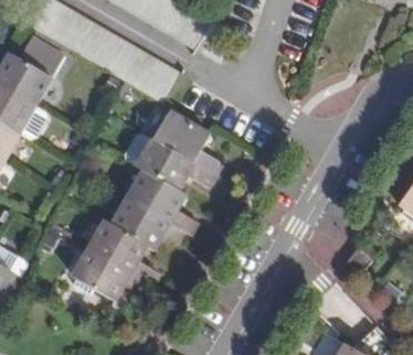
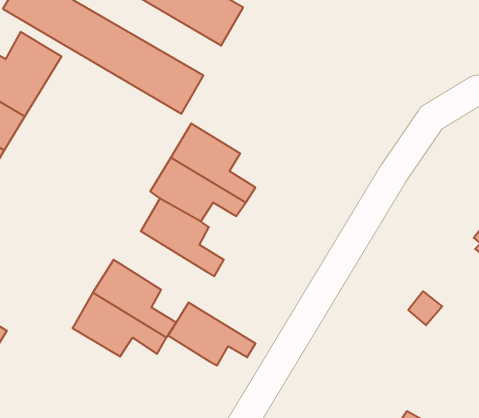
building: [113,197,183,248] -> [168,303,256,365]

